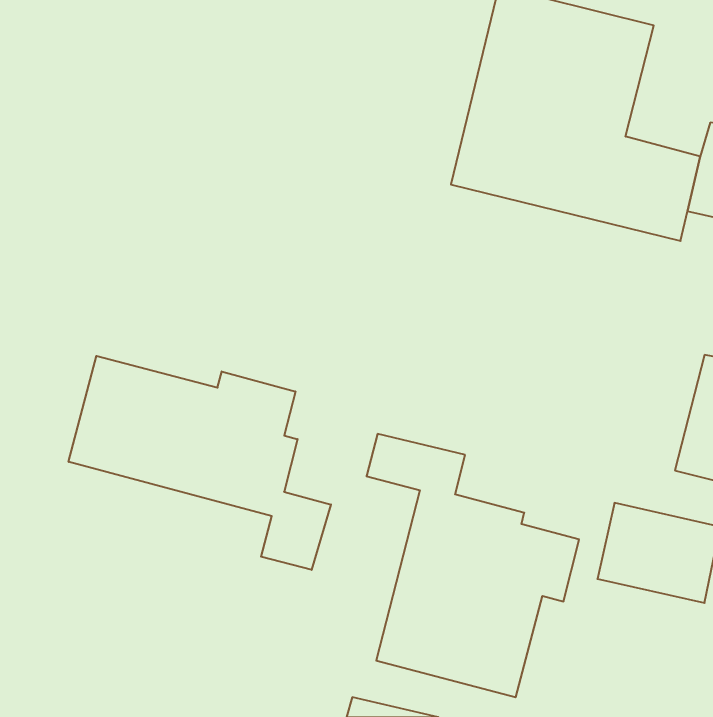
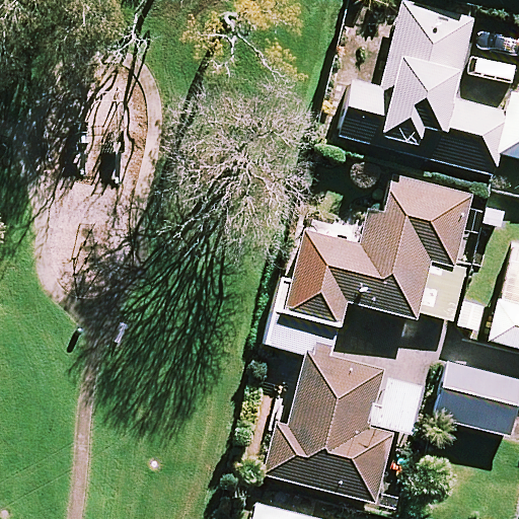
building: none -> [277,174,473,327]
building: [69,356,331,570] -> none

